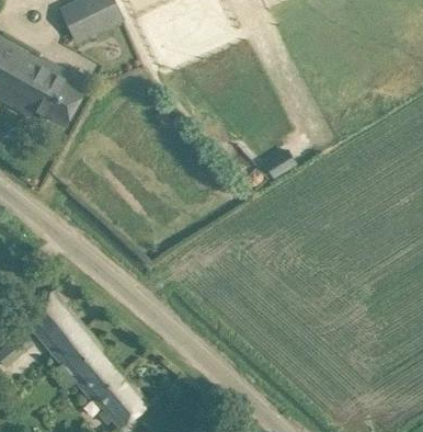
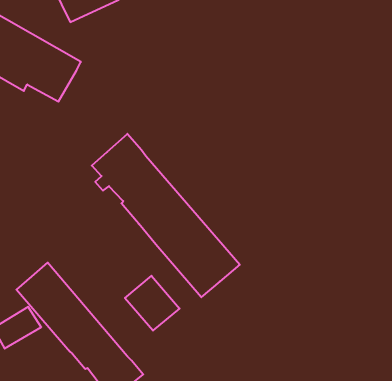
building: none -> [92,134,240,297]
building: none -> [125,276,180,331]

